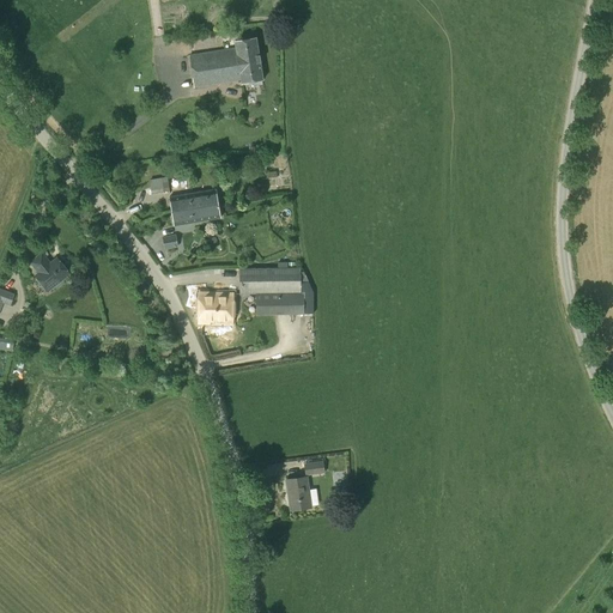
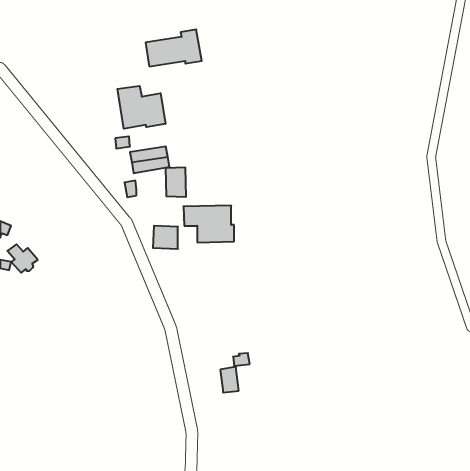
building: none -> [117,86,165,129]
building: none -> [166,167,186,197]
building: [31,254,71,291] -> [7,244,38,273]

